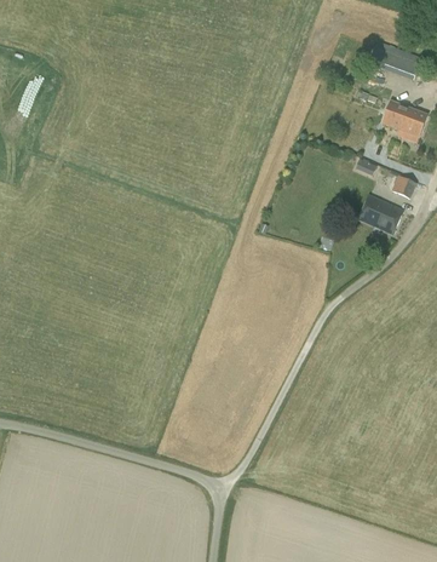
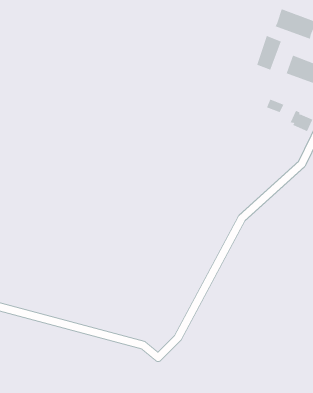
building: none -> [256,35,281,70]
building: [358,193,404,234] -> none

